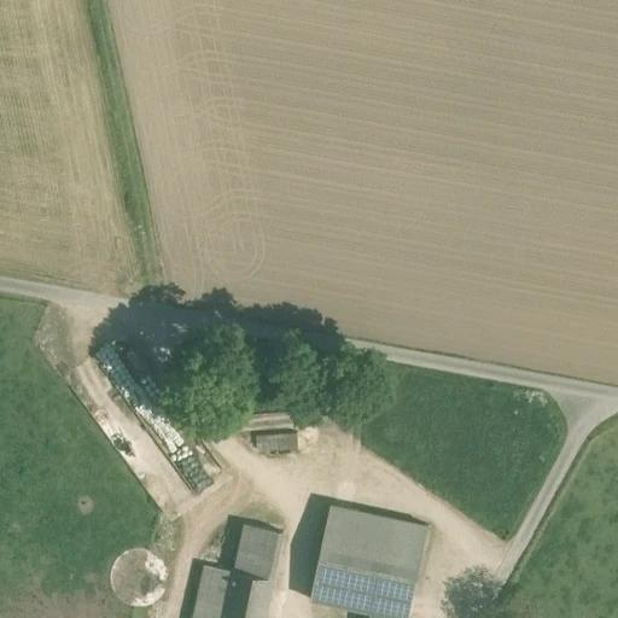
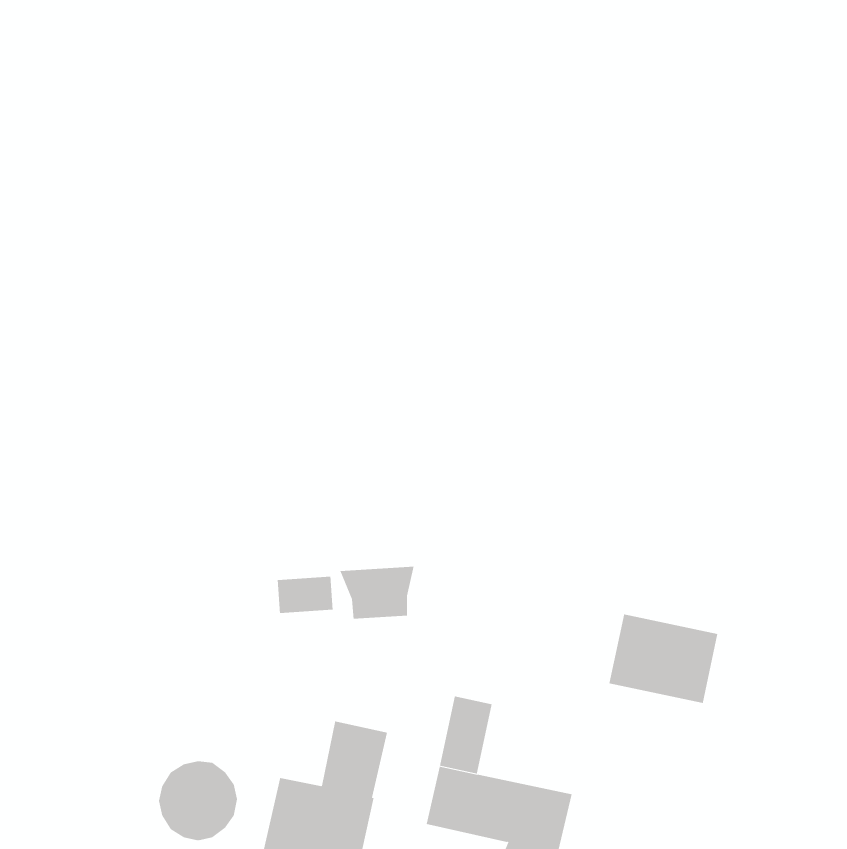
building: none -> [277,576,333,614]
building: [346,512,426,577] -> [608,614,718,704]

